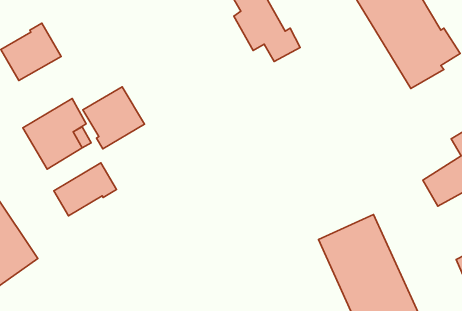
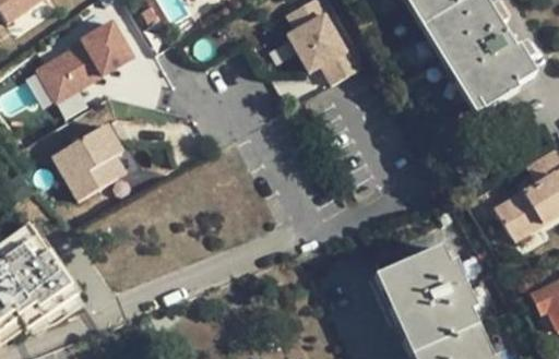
building: none -> [80,22,131,75]
building: [83,87,145,149] -> none
building: [54,163,117,216] -> none

